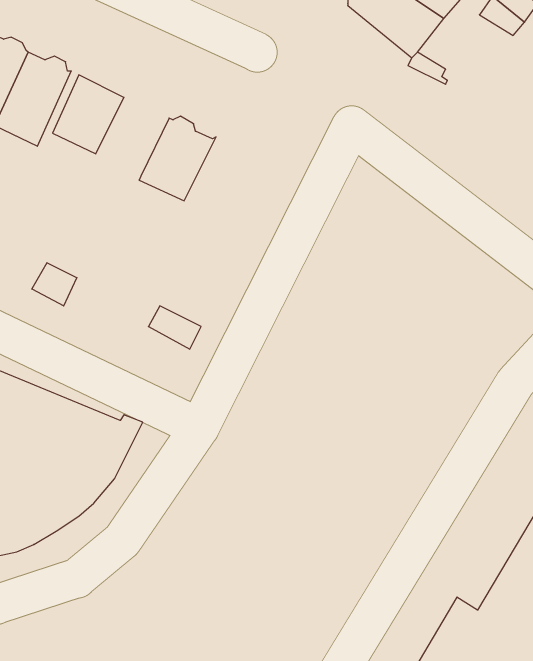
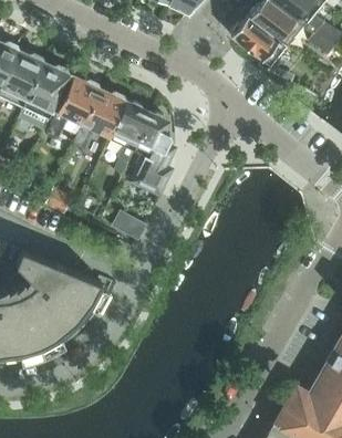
building: none -> [74,90,126,147]
building: none -> [131,112,175,194]

